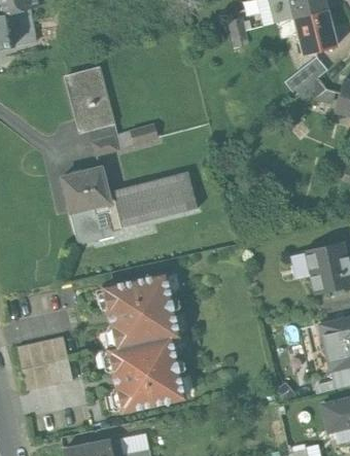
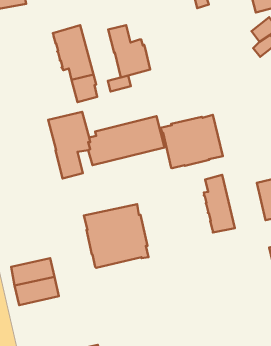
building: none -> [108,25,150,77]
building: none -> [160,115,223,168]
building: none -> [204,175,235,233]
building: [109,336,183,411] -> none

